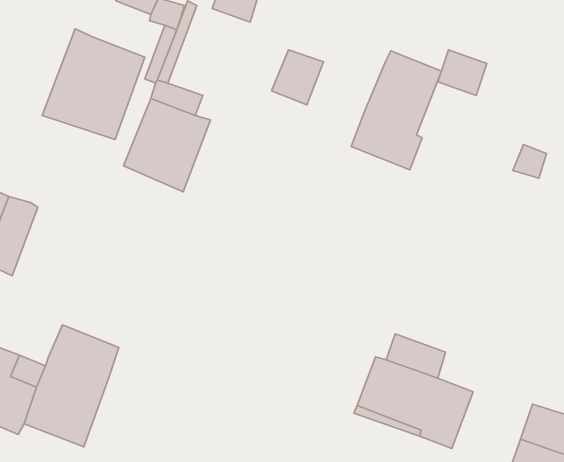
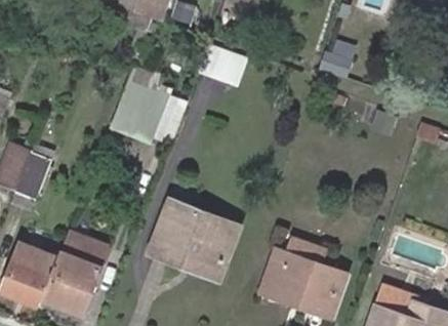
building: [42,29,145,140] -> none
building: [351,51,442,170] -> none
building: none -> [160,202,243,282]

